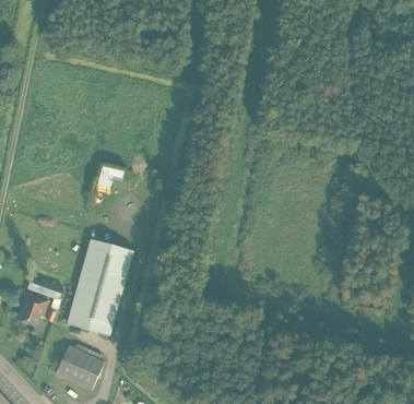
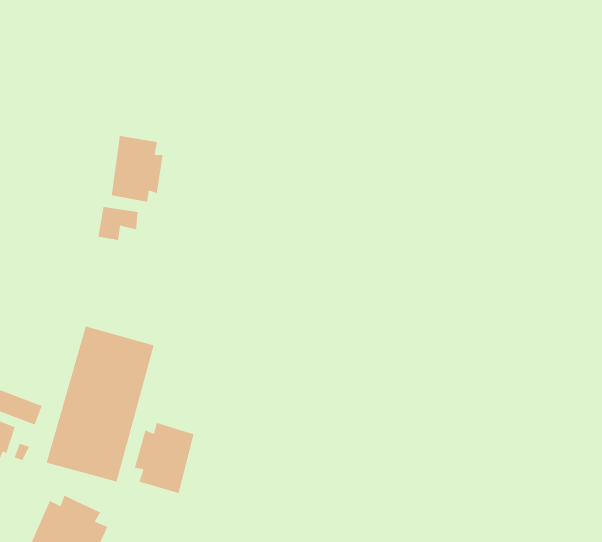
building: none -> [111,135,163,203]
building: none -> [134,422,194,494]

